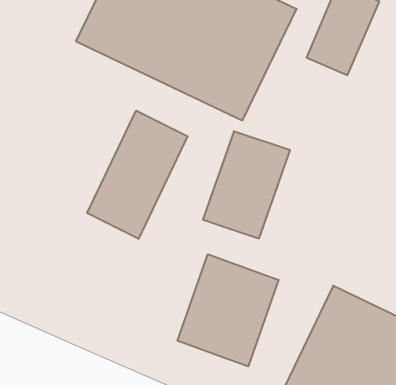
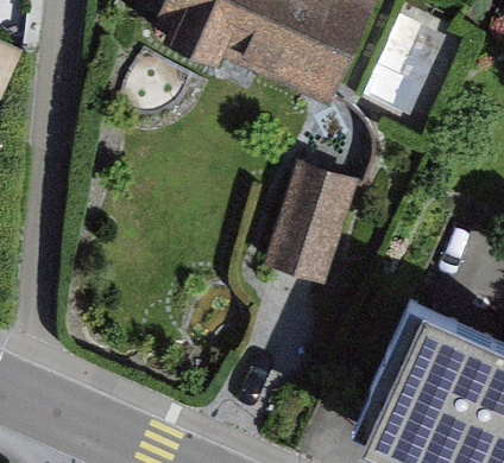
building: [87,111,187,239] -> none
building: [178,254,279,366] -> none

